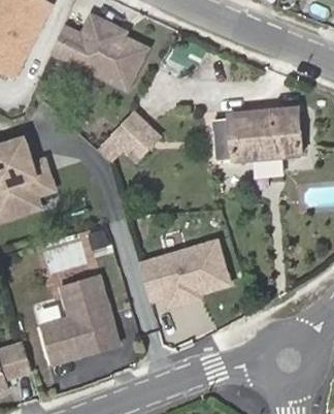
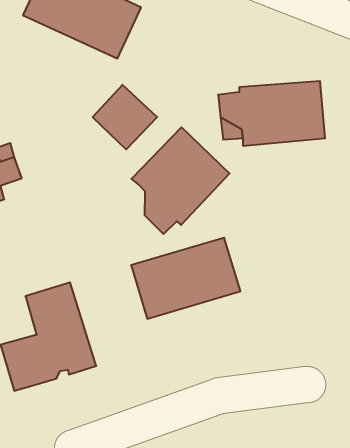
building: none -> [131,127,230,234]

